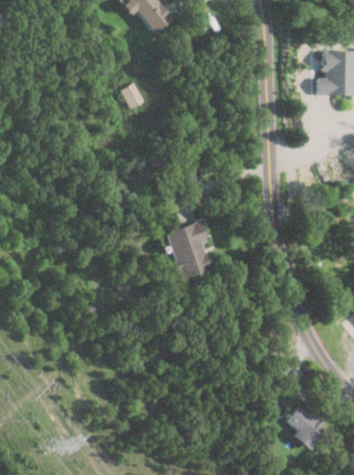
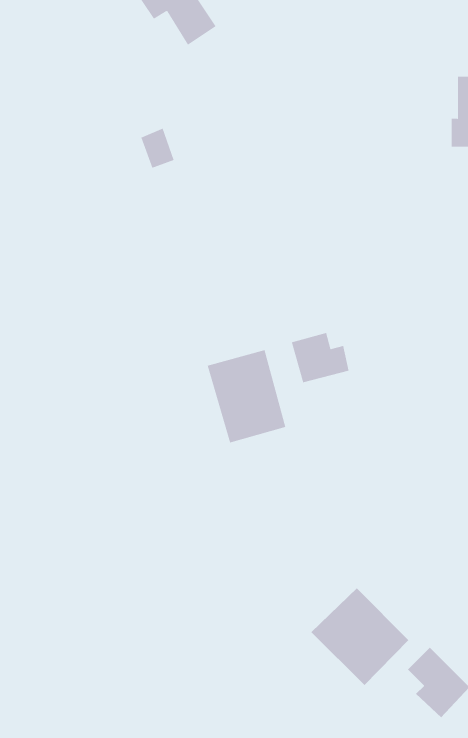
building: none -> [291,332,349,383]
building: none -> [311,588,409,686]

